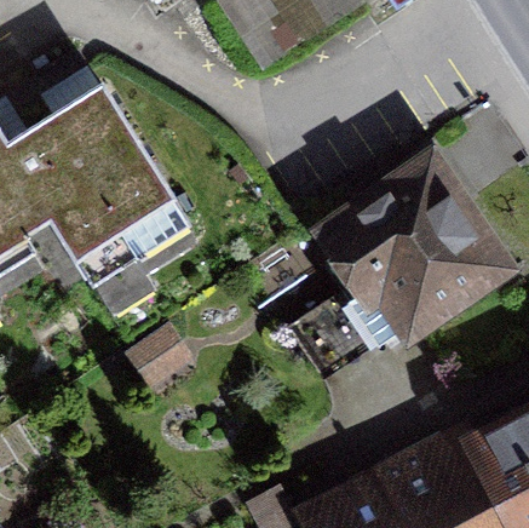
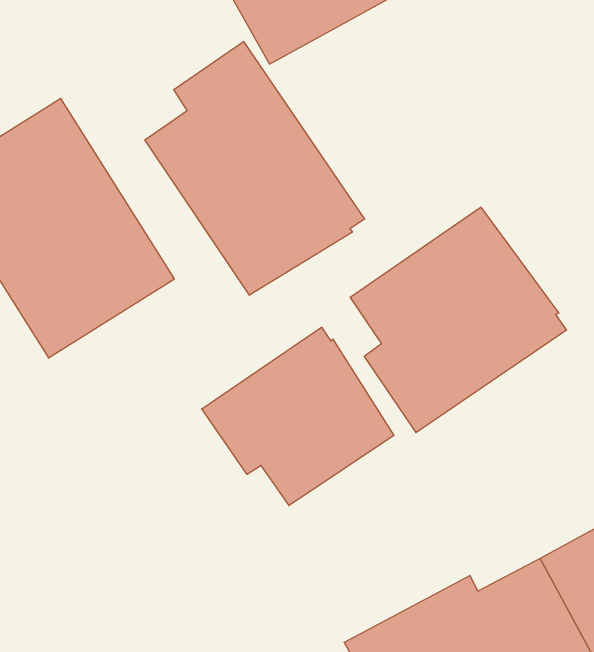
building: none -> [145,41,365,295]
building: none -> [202,327,394,506]

